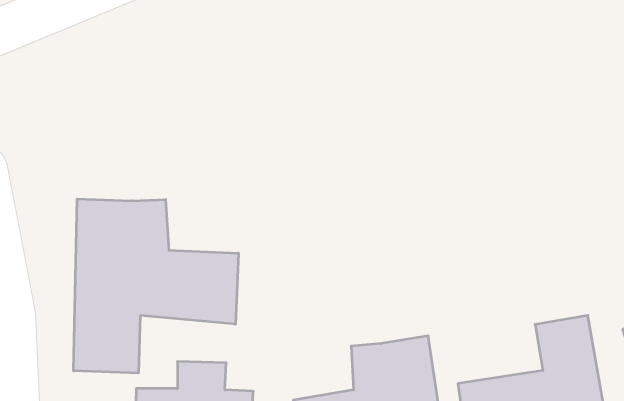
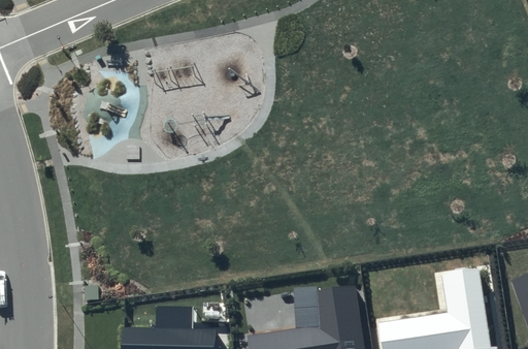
building: [74,199,238,373] -> none

